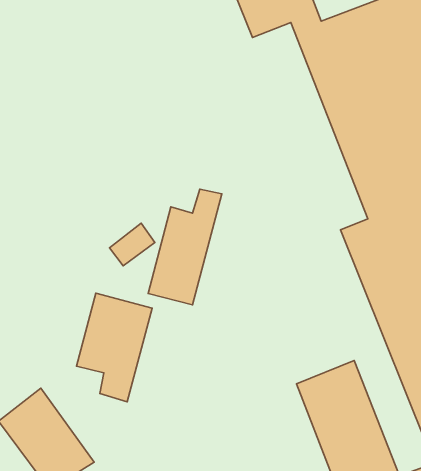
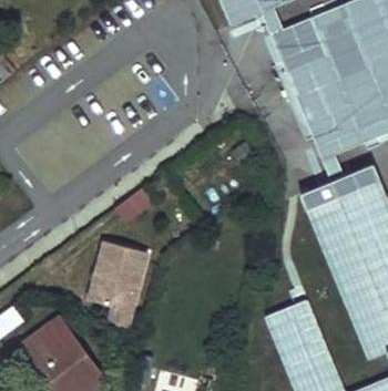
building: [148,189,222,305] -> none

